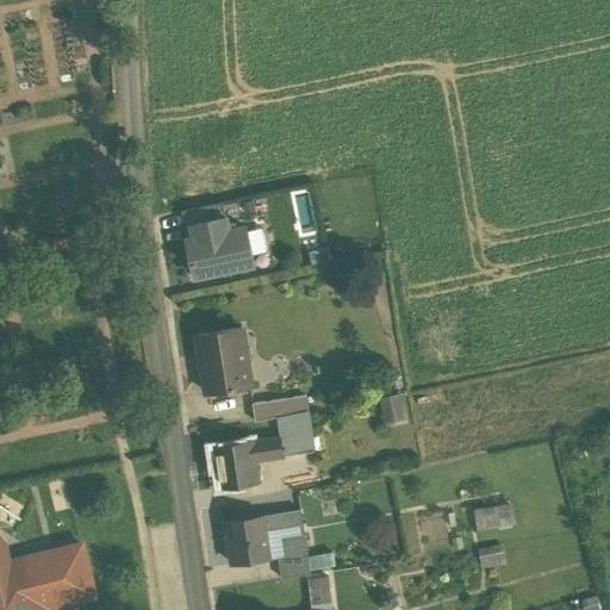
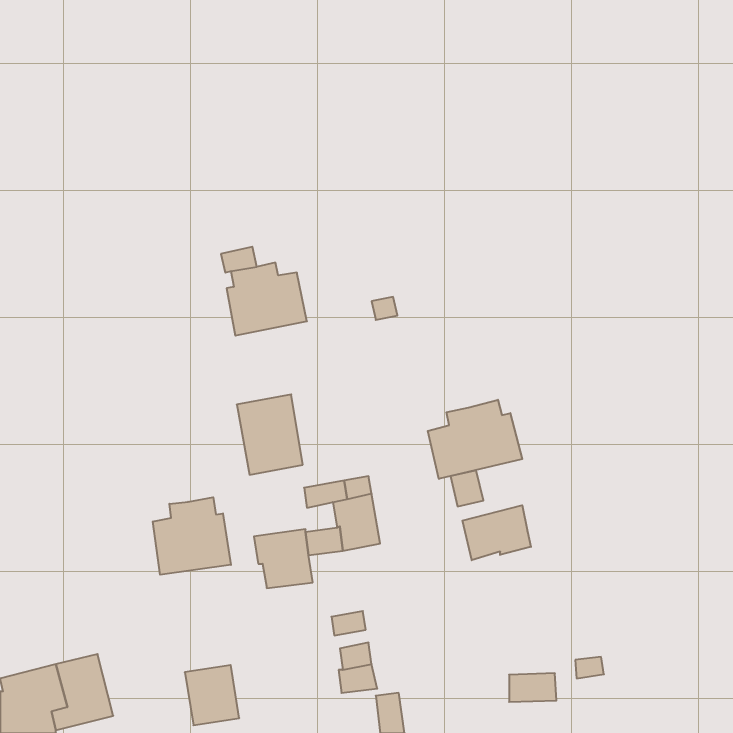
building: none -> [428,400,522,479]
building: none -> [153,497,231,575]
building: none -> [462,505,531,560]
building: [472,502,511,525] -> [509,673,556,702]
building: [228,513,273,564] -> [185,665,239,725]

